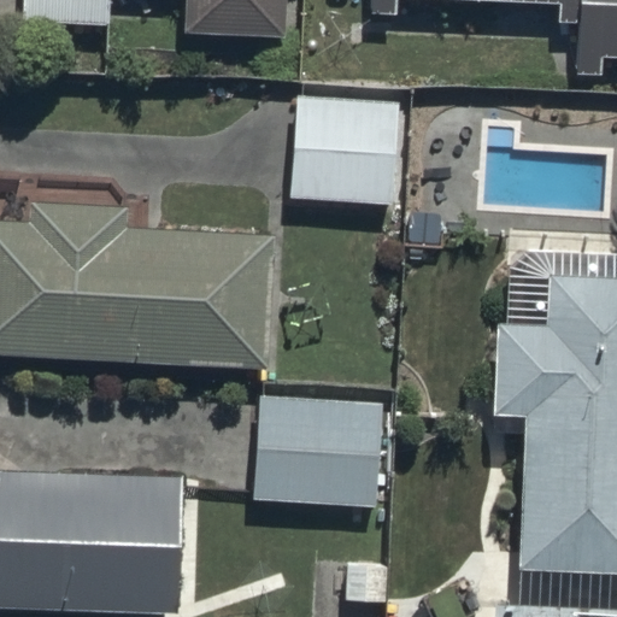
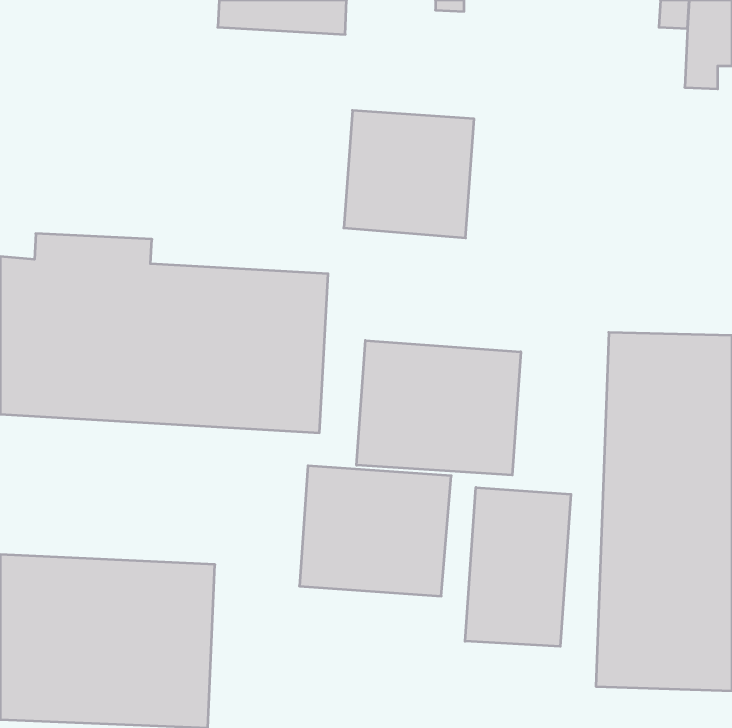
building: none -> [357,340,521,475]
building: none -> [465,487,571,646]

